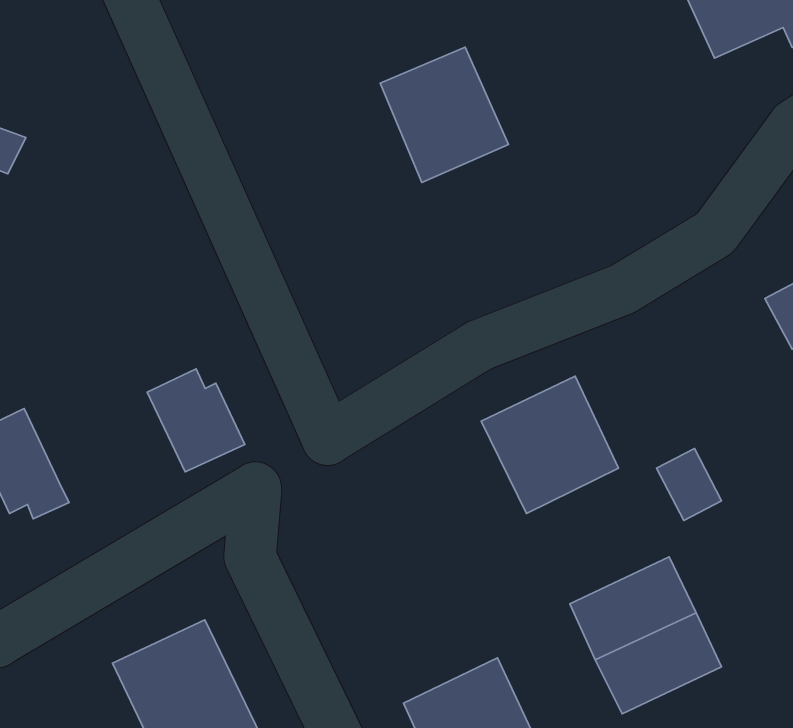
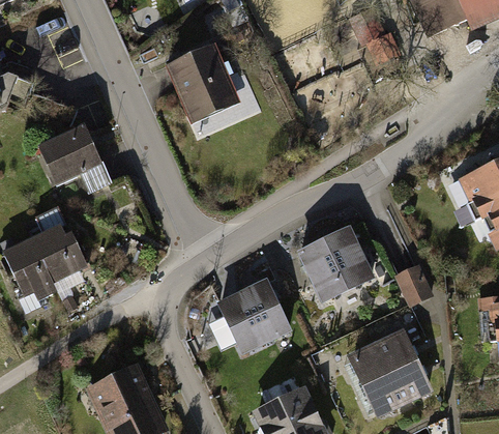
building: [380,47,509,183] -> [167,45,240,122]
building: none -> [39,128,104,189]
building: [147,369,245,472] -> [33,227,89,286]
building: none -> [215,274,292,352]

